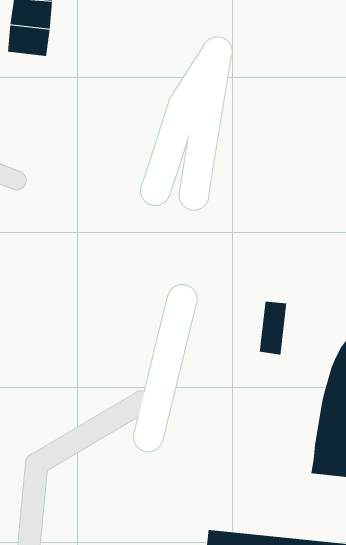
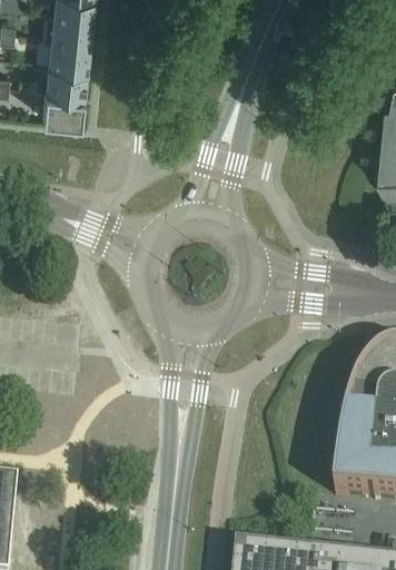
building: none -> [42,92,82,122]
building: [259,301,287,355] -> none

